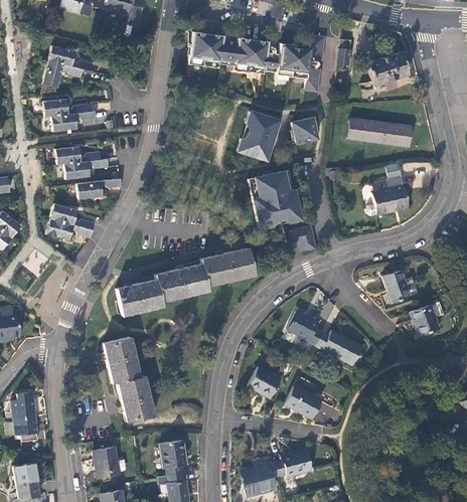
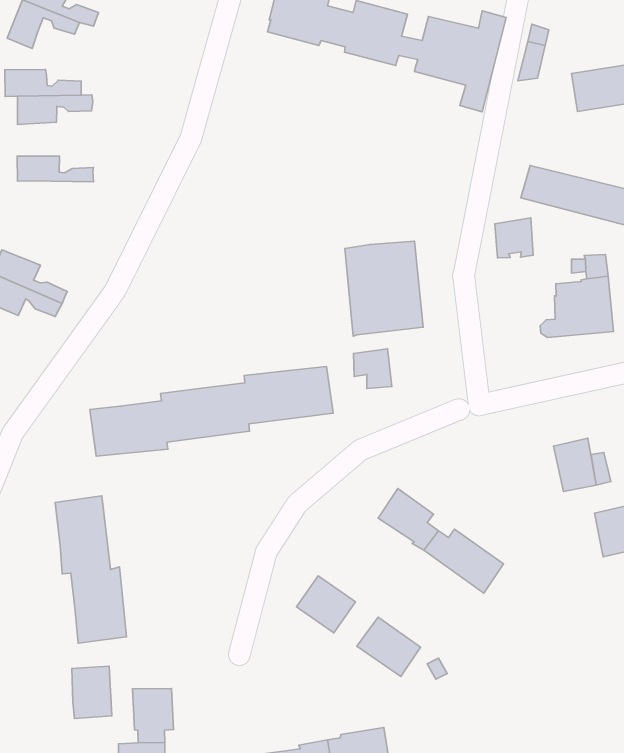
building: [239,112,278,159] -> none
building: [293,117,317,142] -> [495,218,533,258]
building: [65,158,109,178] -> none
building: [79,178,122,199] -> none
building: [292,225,316,249] -> [353,349,392,389]
building: [94,447,120,479] -> [72,666,112,718]

